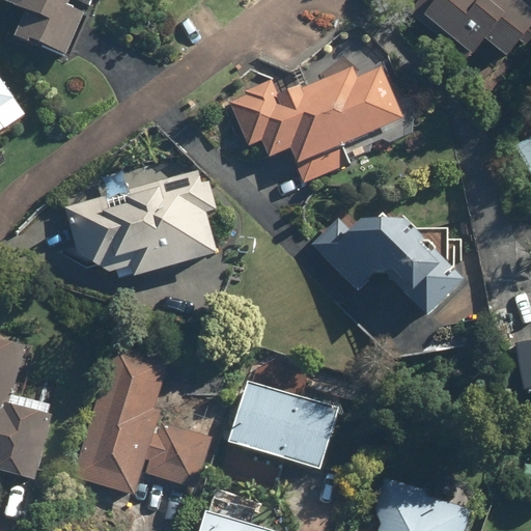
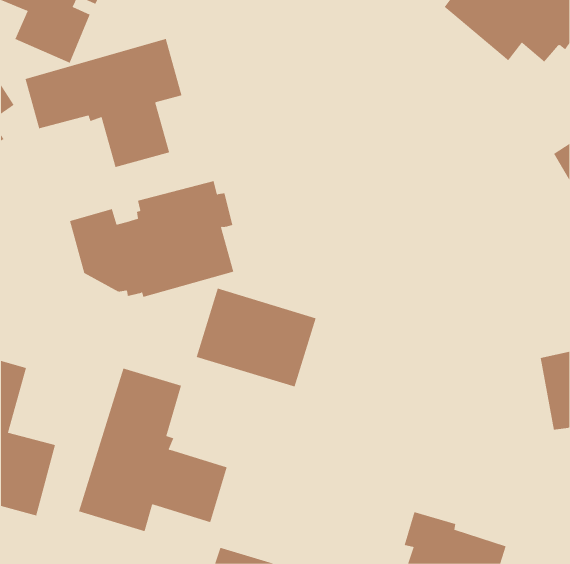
building: none -> [25,38,182,168]
building: [229,64,403,181] -> none
building: [311,216,465,316] -> none
building: [227,380,339,472] -> [196,288,316,387]

